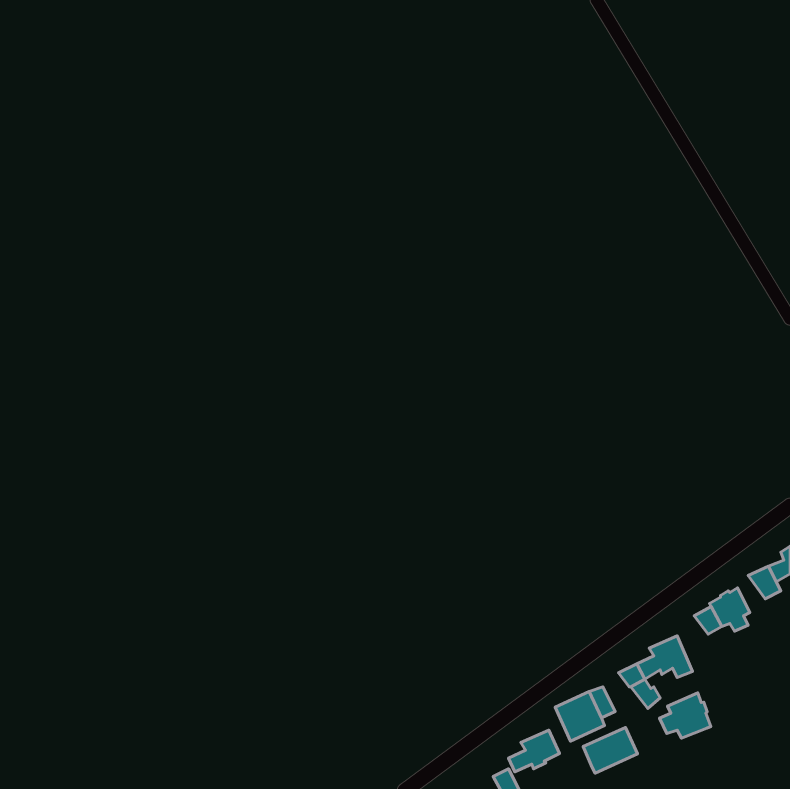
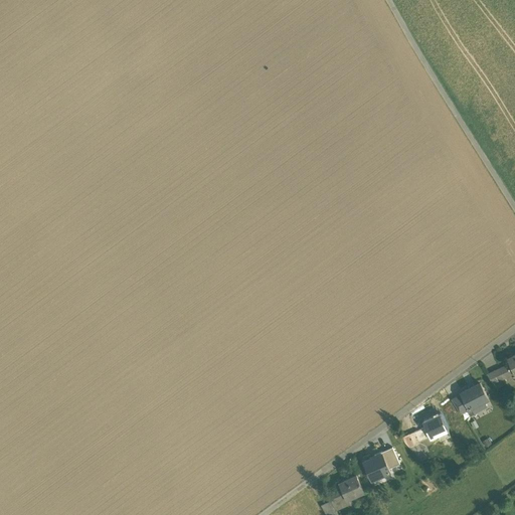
building: [659,693,711,738] -> none
building: [583,727,638,773] -> none

